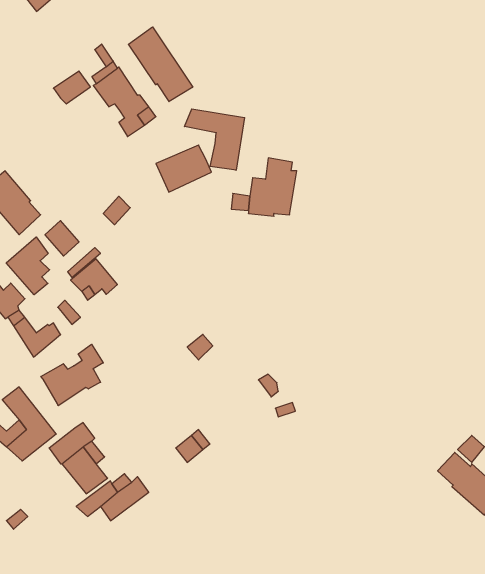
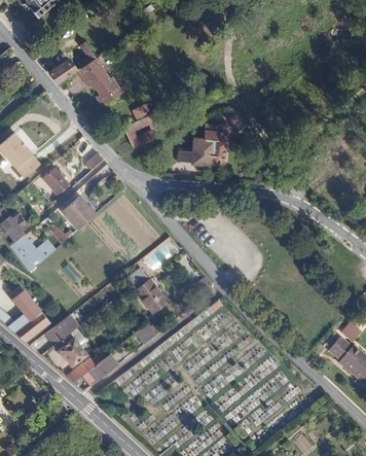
building: [128,27,193,102] -> none
building: [185,109,245,170] -> none
building: [6,237,50,295] -> none
building: [41,344,103,406] -> none
building: none -> [138,282,171,317]

